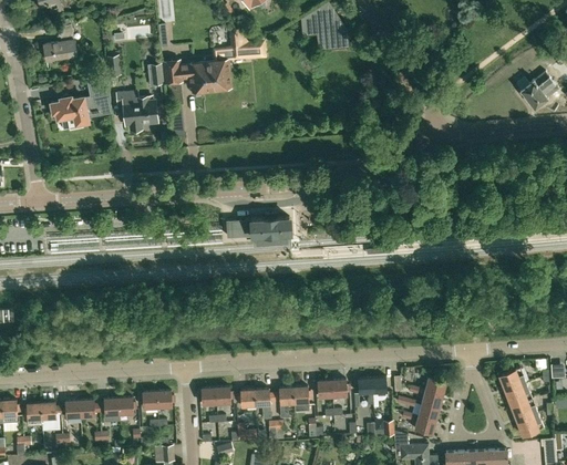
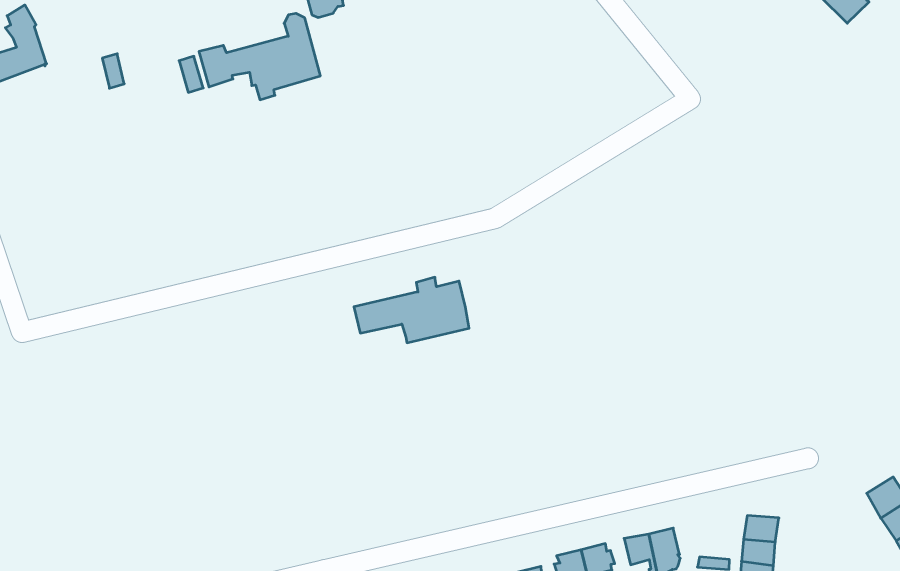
building: [115,91,156,130] -> none
building: [50,93,110,122] -> none

